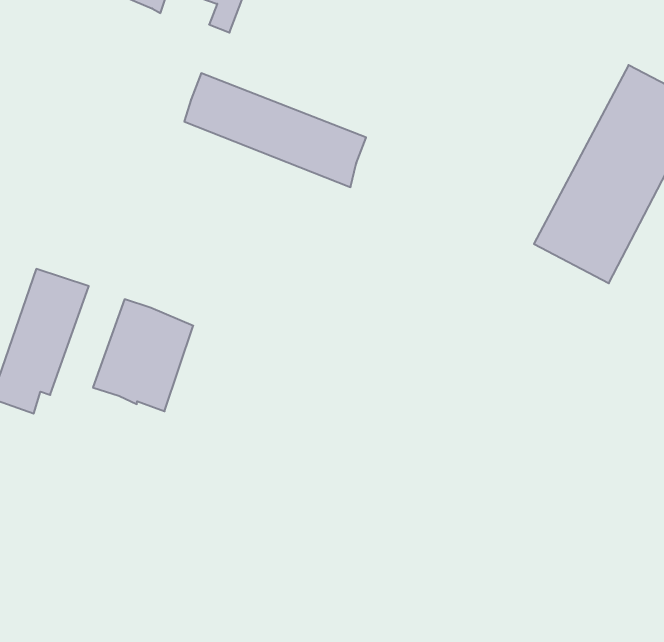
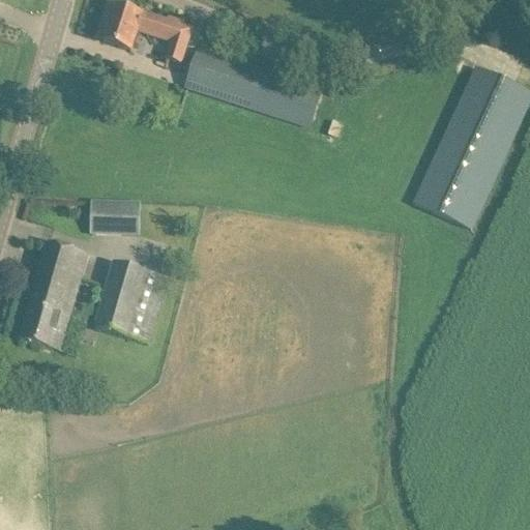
building: [184,73,366,187] -> [187,48,322,125]
building: none -> [91,201,140,233]

